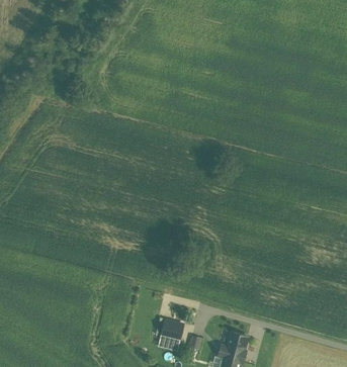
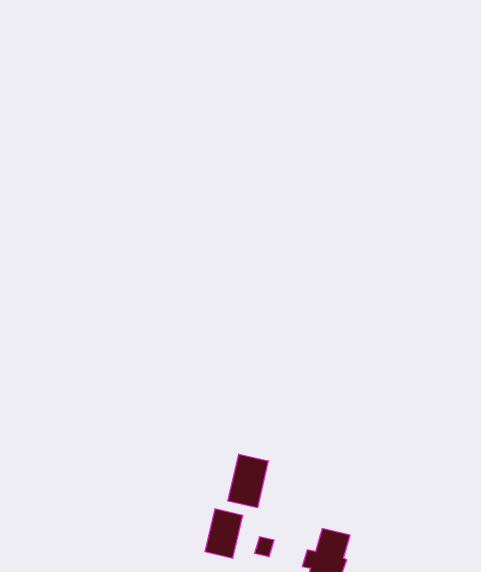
building: none -> [228,454,268,508]

